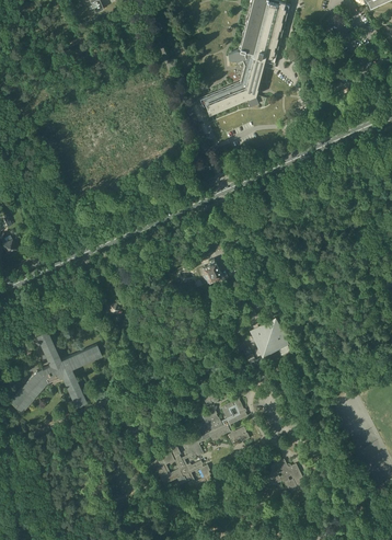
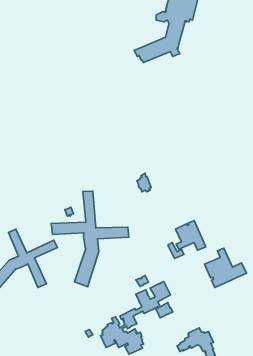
building: none -> [51,191,129,287]
building: none -> [205,248,247,287]

